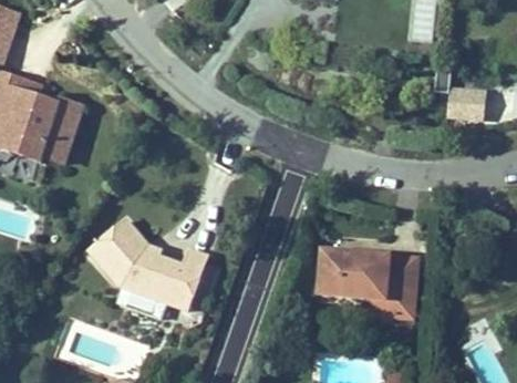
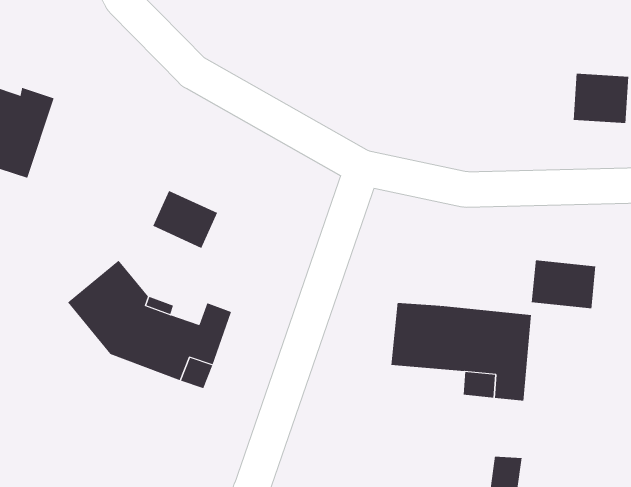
building: none -> [153,190,218,249]
building: none -> [531,260,596,309]

